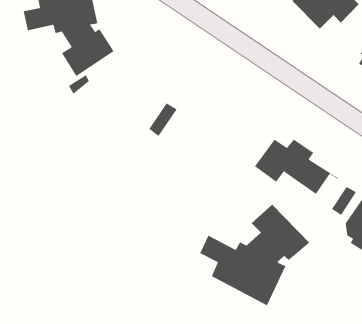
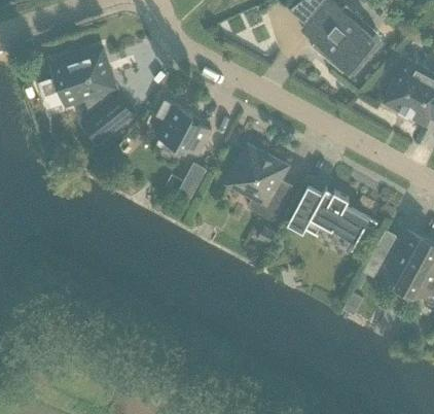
building: none -> [156,100,212,157]
building: none -> [227,145,293,222]
building: [199,204,310,306] -> none

